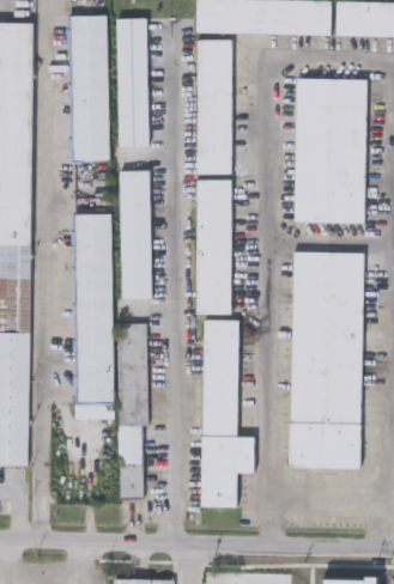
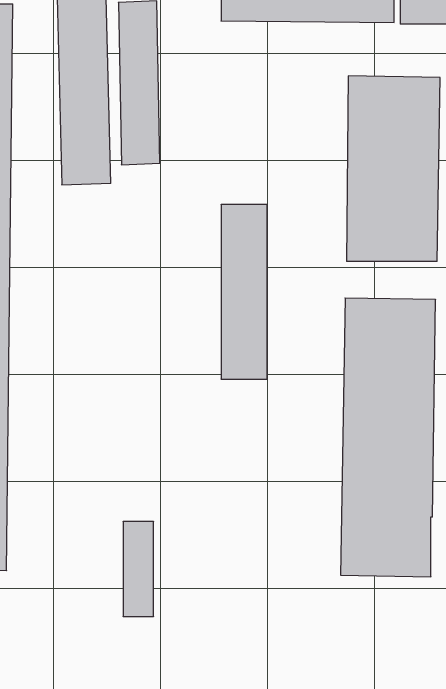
building: [196,39,232,175] -> none
building: [120,171,150,300] -> none
building: [73,215,115,420] -> none
building: [201,320,255,506] -> none
building: [120,326,148,426] -> none

